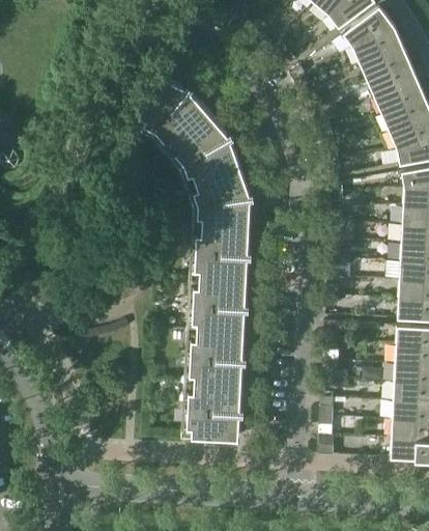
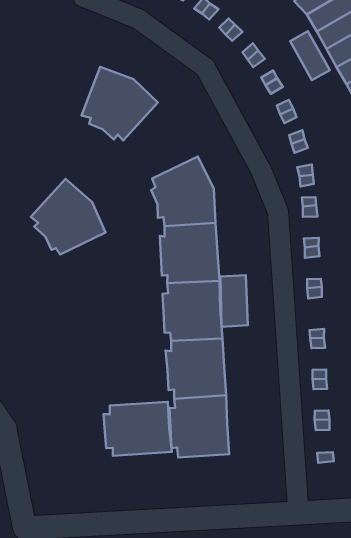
building: none -> [290,31,330,80]
building: [173,115,239,184] -> [31,179,106,255]
building: none -> [221,275,248,327]
building: none -> [104,402,172,456]

